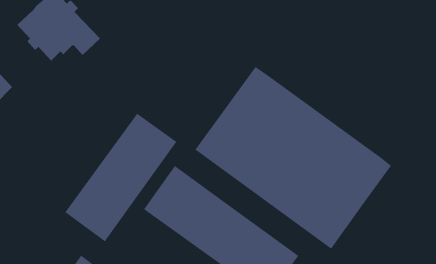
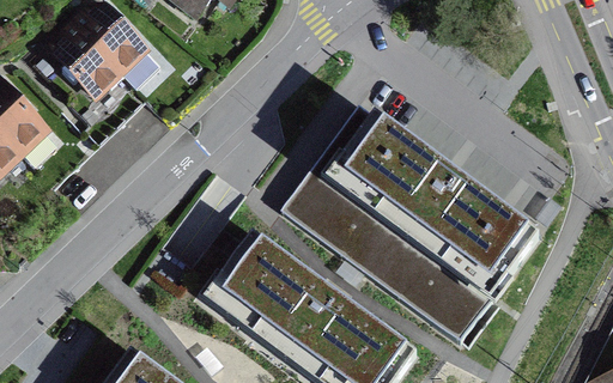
building: [65,113,177,242] -> none

